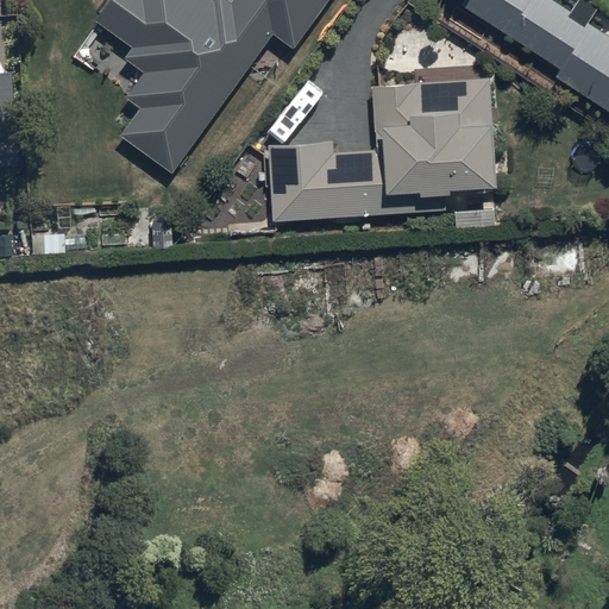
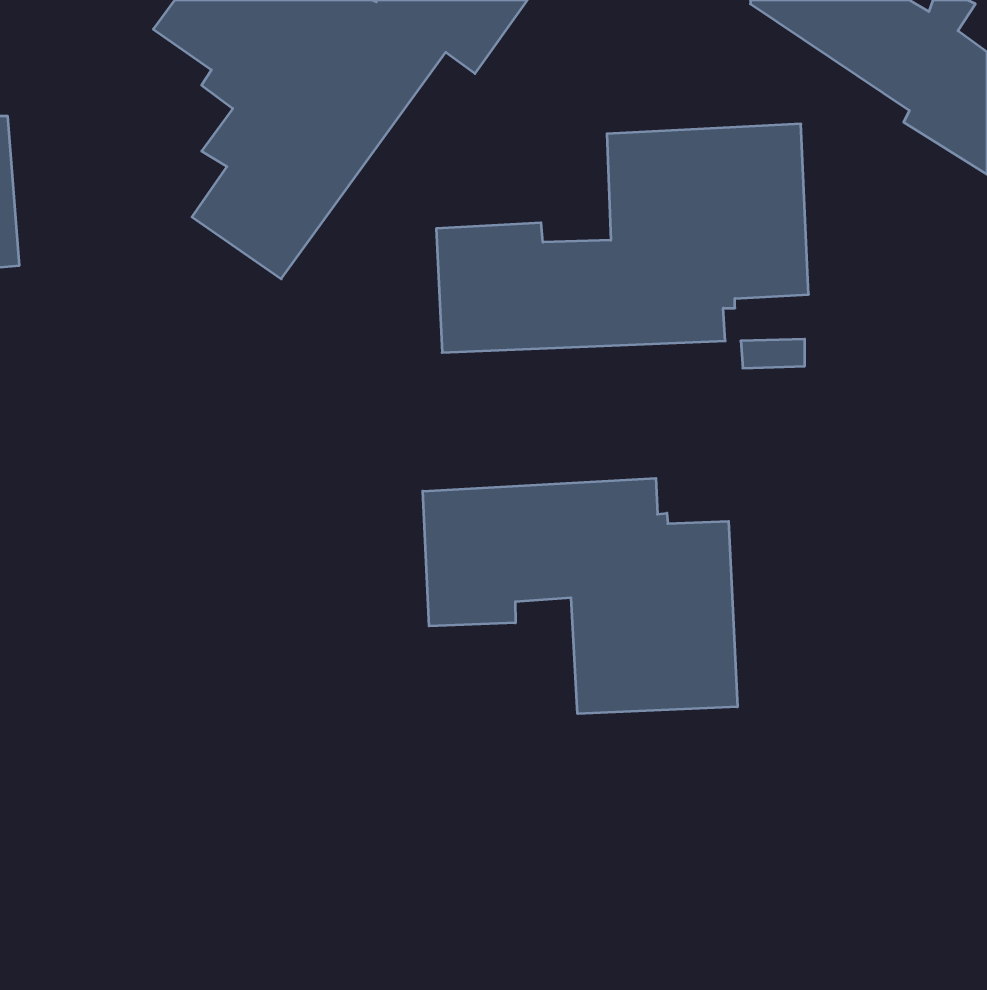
building: none -> [423,478,737,714]

